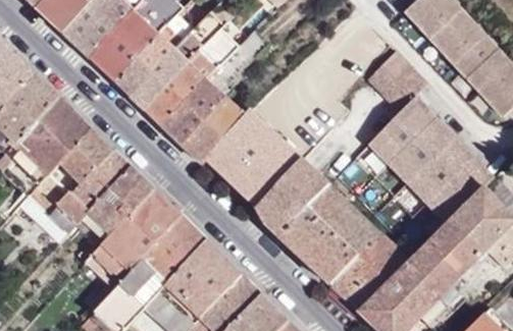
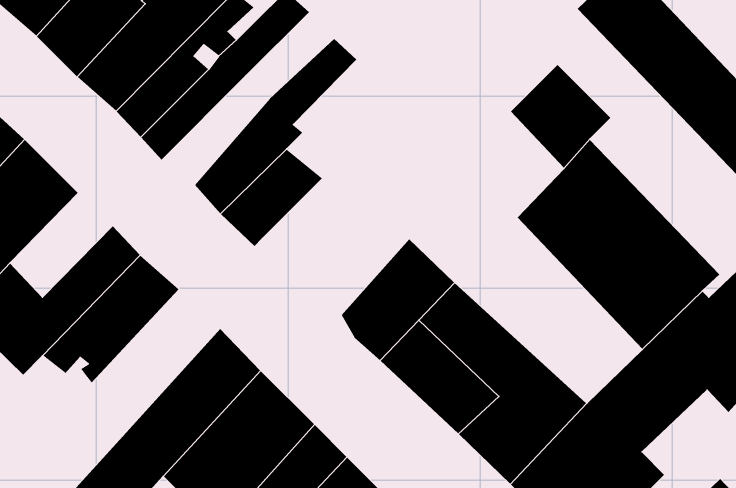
building: [144,55,211,123] -> none
building: [207,112,299,205] -> none
building: [49,128,113,194] -> none
building: [92,188,181,280] -> none

